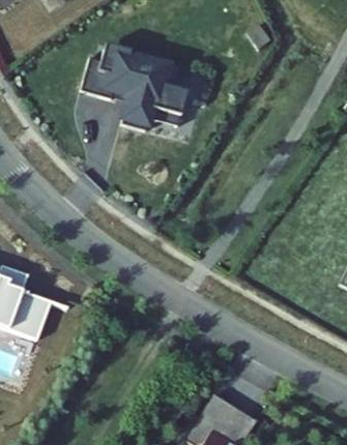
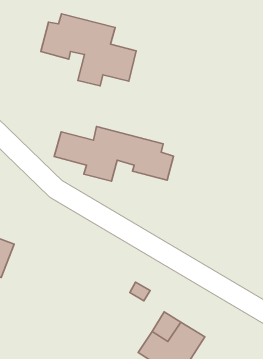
building: none -> [54,126,174,181]

